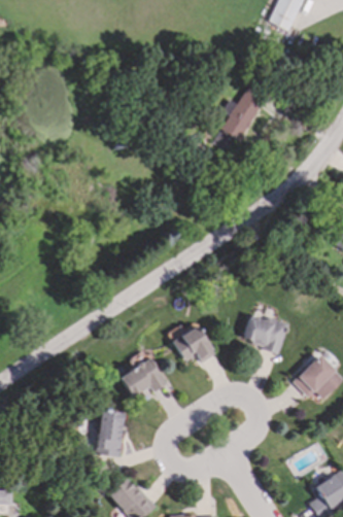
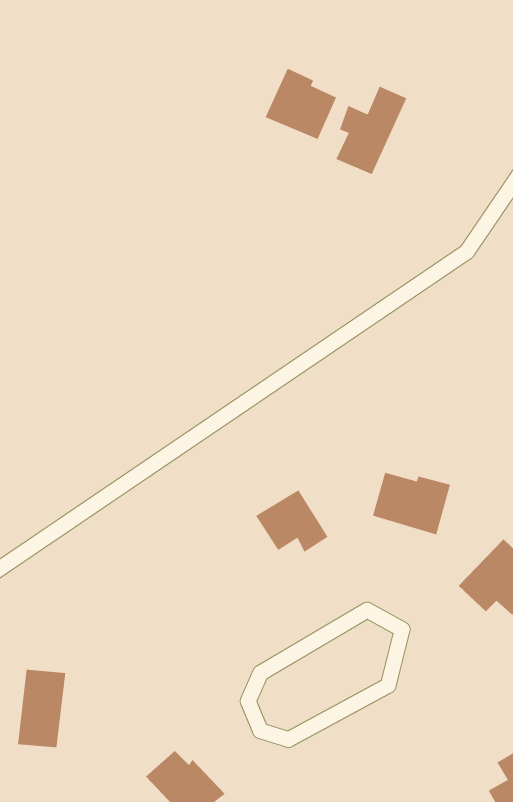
building: none -> [265,68,337,140]
building: [121,358,168,397] -> none
building: [96,410,125,456] -> [17,669,66,748]

